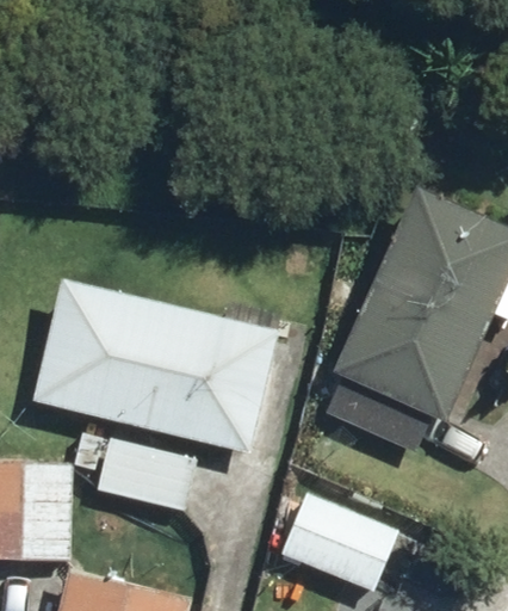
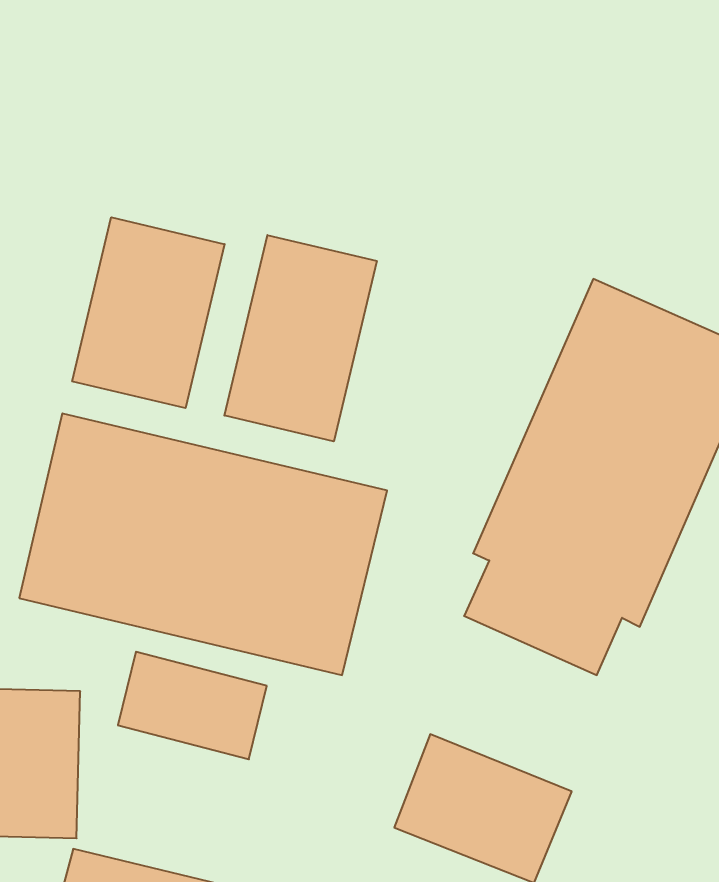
building: none -> [72,217,225,408]
building: none -> [224,235,377,441]

